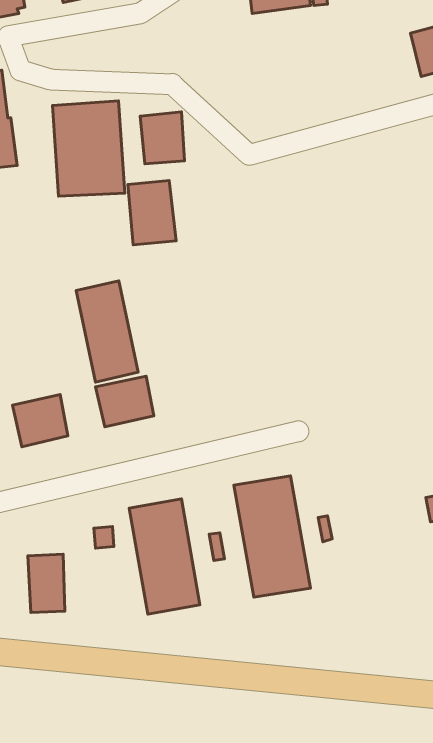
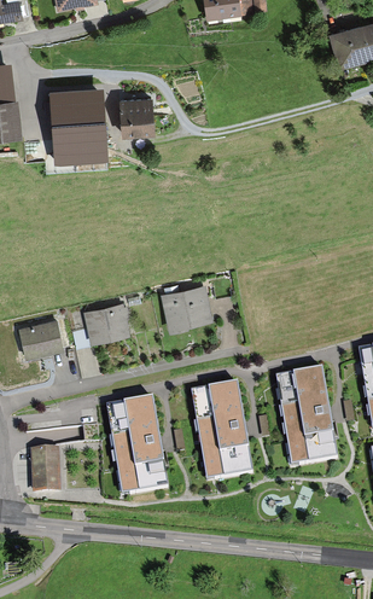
building: [128,181,176,245] -> none
building: [76,281,138,382] -> none
building: none -> [159,285,212,331]
building: none -> [275,365,337,461]

